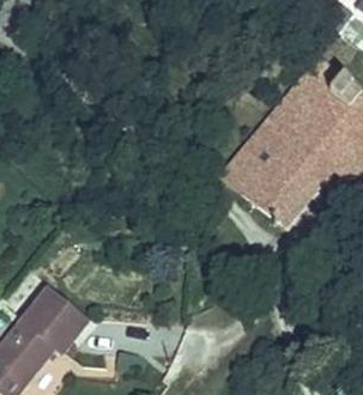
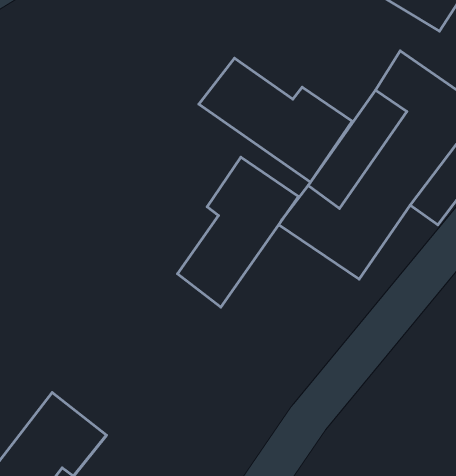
building: none -> [199,58,352,182]
building: none -> [178,157,298,307]

